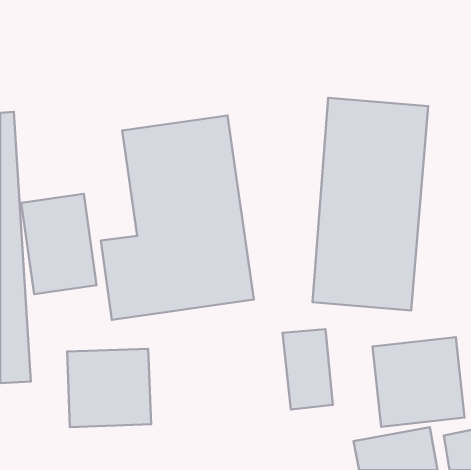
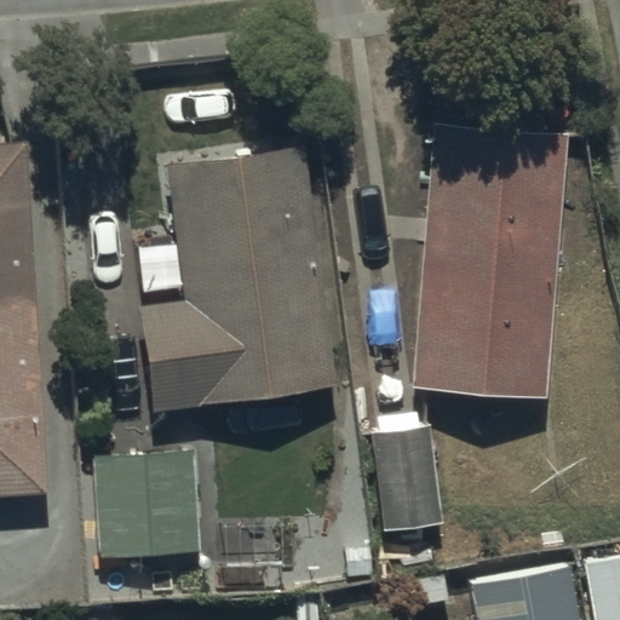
building: [21,194,97,294] -> none
building: [372,337,464,427] -> none

